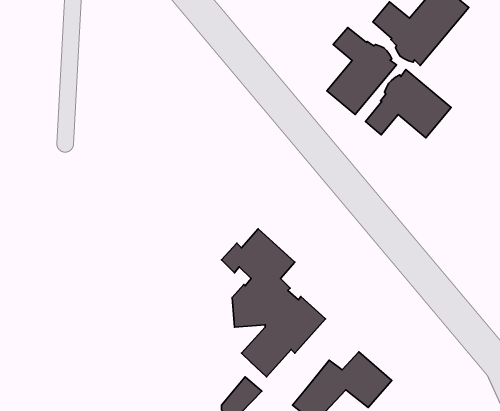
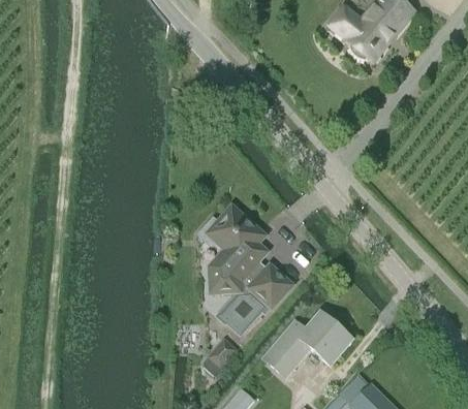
building: [327,27,397,114] -> none
building: [366,70,451,138] -> none

